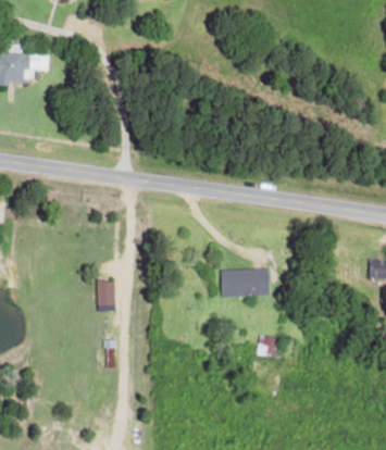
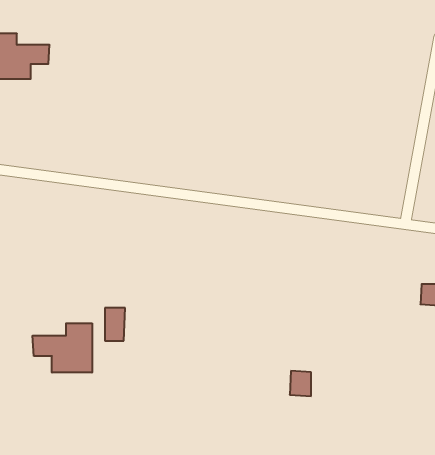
building: [220,267,269,296] -> none
building: none -> [33,323,92,373]

